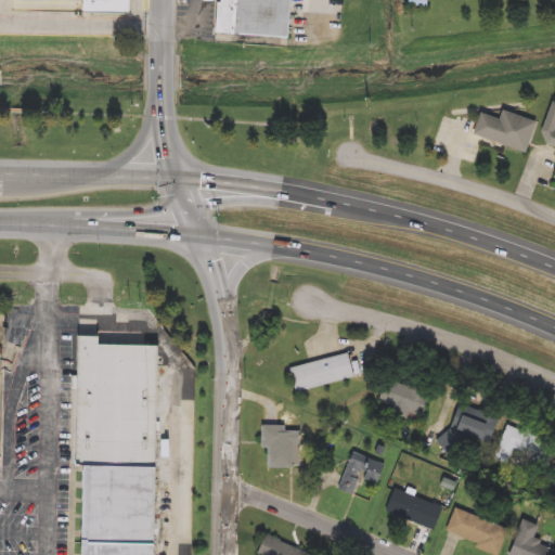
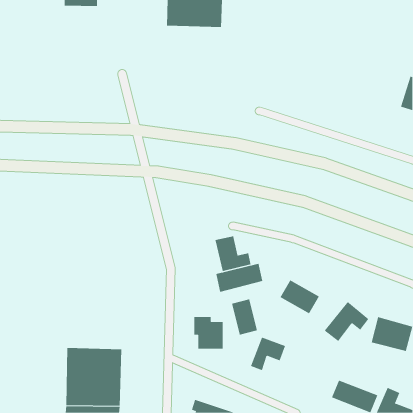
building: [469,109,534,154] -> none
building: none -> [215,235,251,272]
building: [81,336,165,467] -> none
building: none -> [232,299,257,335]
building: [383,488,441,530] -> none

